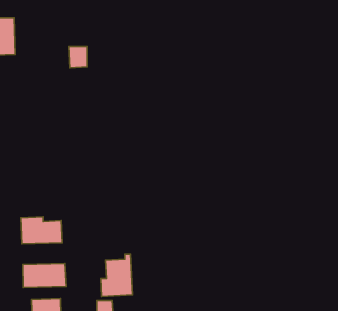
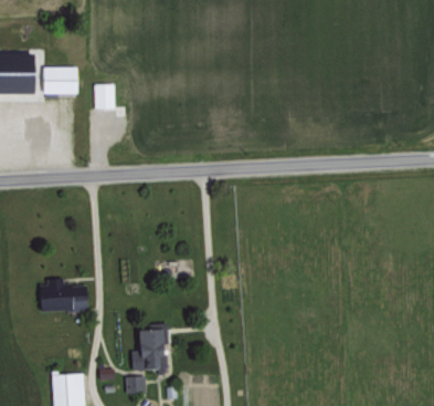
building: none -> [43,66,78,94]
building: [23,264,66,287] -> none

